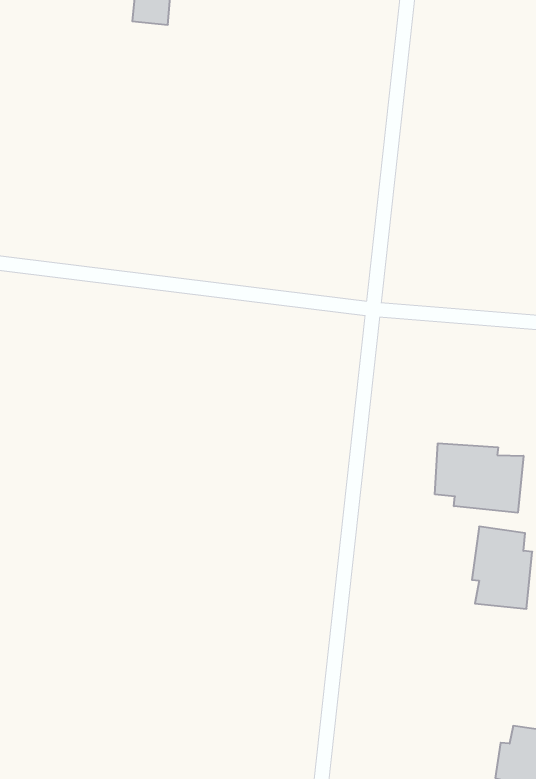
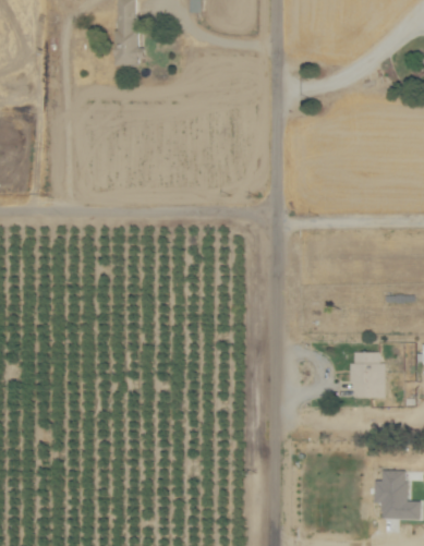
building: [435,443,523,513] -> none

